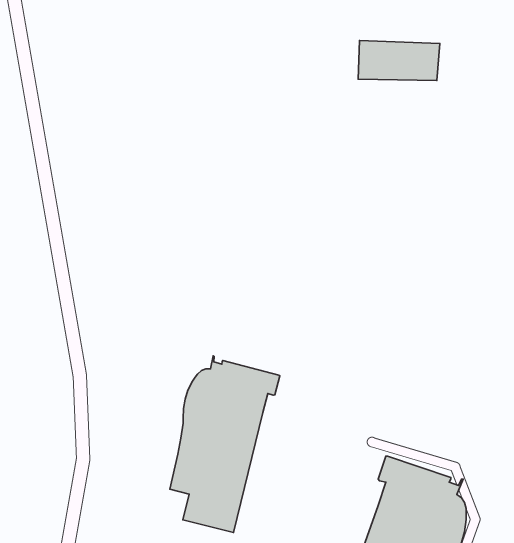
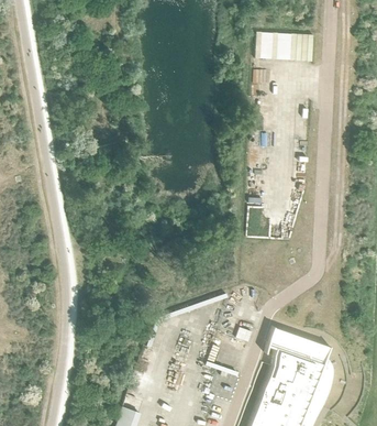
building: [170,356,280,533] -> none

